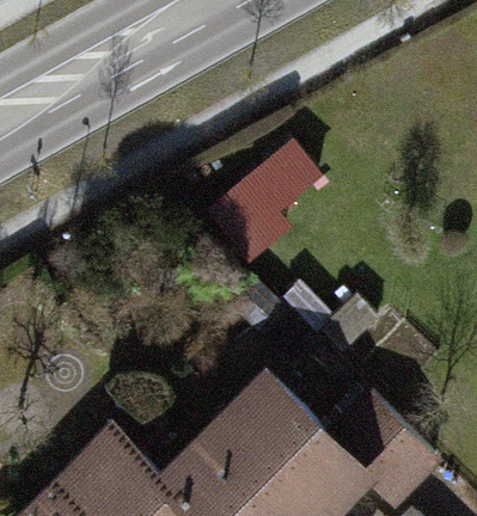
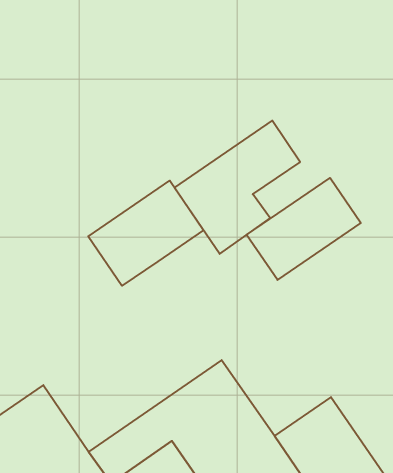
building: none -> [247,178,361,280]
building: none -> [88,181,203,286]

